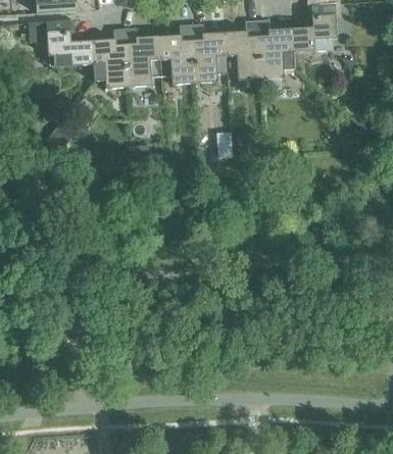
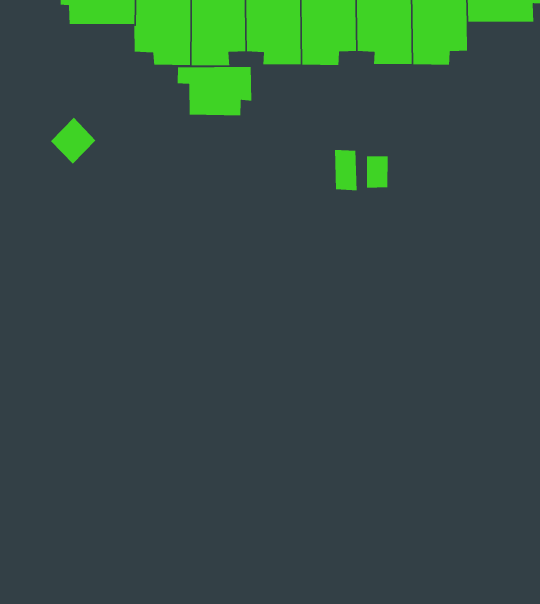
building: none -> [177,66,252,116]

